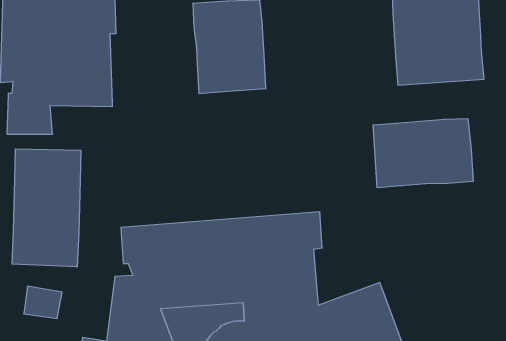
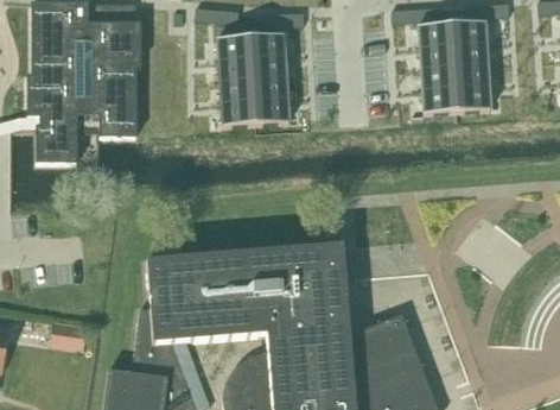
building: [373,119,473,188] -> none
building: [12,149,81,267] -> none

